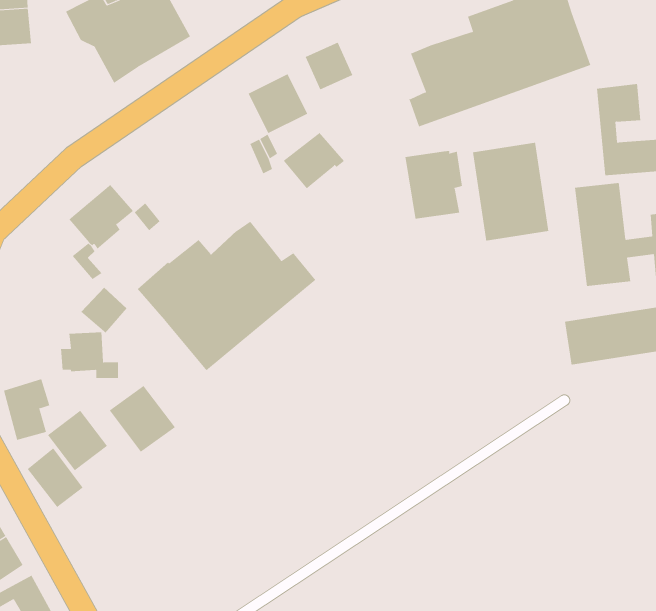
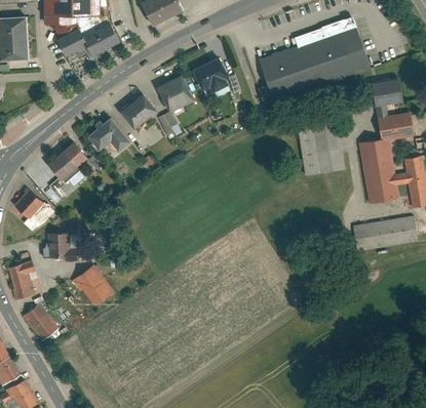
building: [283,132,345,189] -> [122,93,160,128]
building: none -> [90,117,132,151]
building: [405,150,462,219] -> none
building: [137,221,316,371] -> none
building: [81,287,127,334] -> [15,190,44,218]
building: [47,410,108,471] -> none

